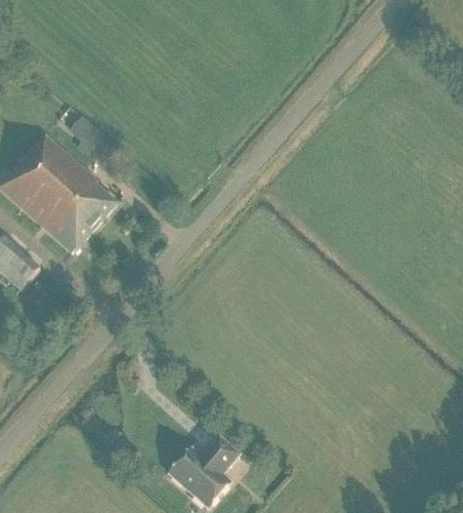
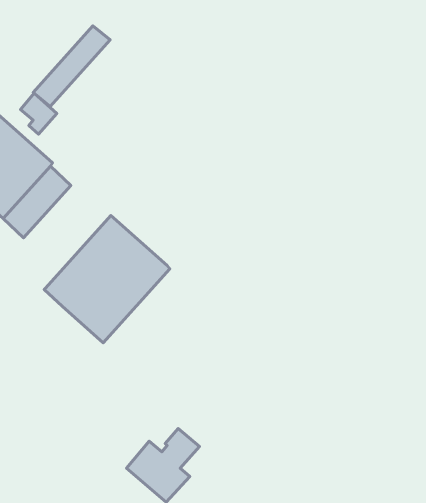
building: none -> [33,26,110,106]
building: none -> [44,215,170,343]

